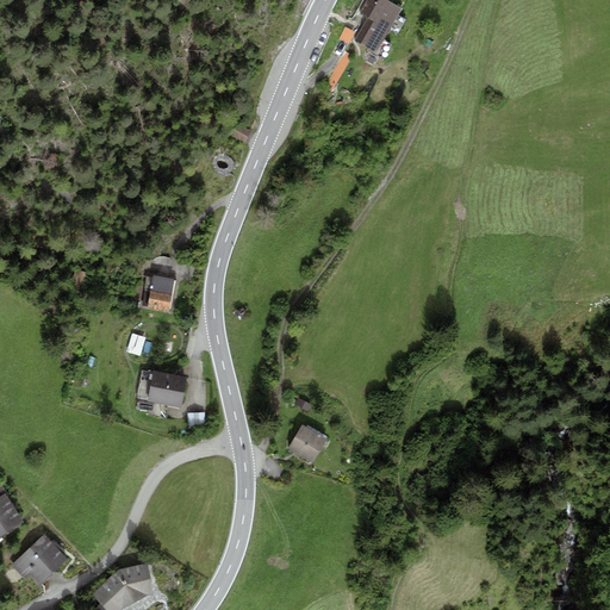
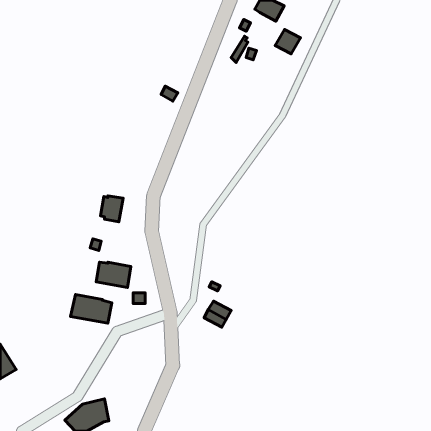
building: [354,18,390,52] -> [275,30,300,54]
building: none -> [71,294,112,323]
building: [11,534,68,585] -> none

